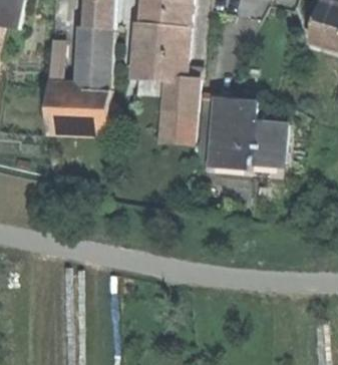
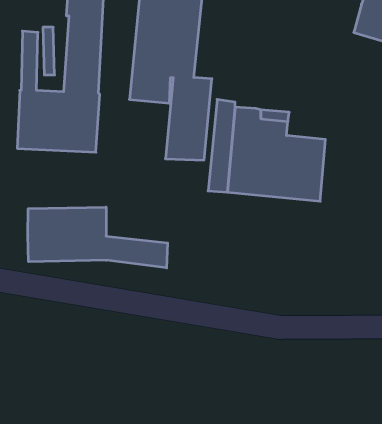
building: none -> [28,207,168,268]

